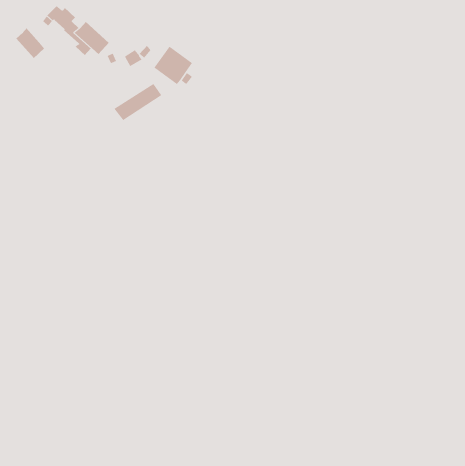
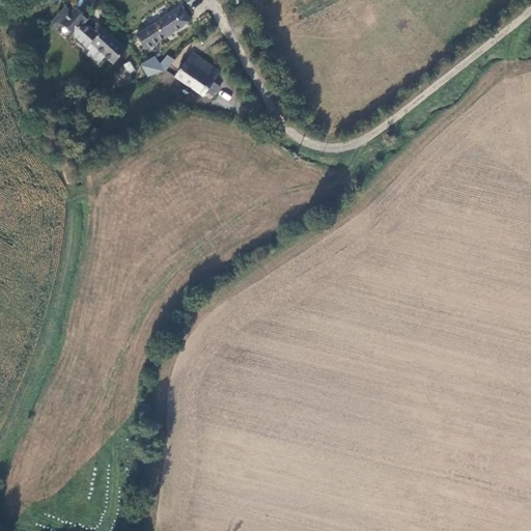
building: [15,27,45,59] -> none
building: [114,83,162,121] -> [135,5,190,48]

